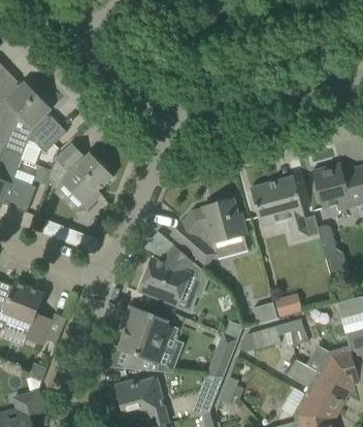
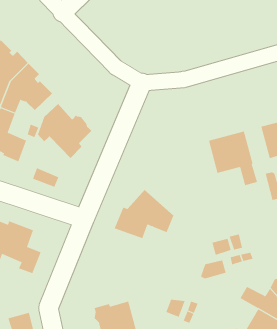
building: [170,196,246,264] -> none
building: [117,304,184,371] -> none
building: [205,332,237,376] -> none

